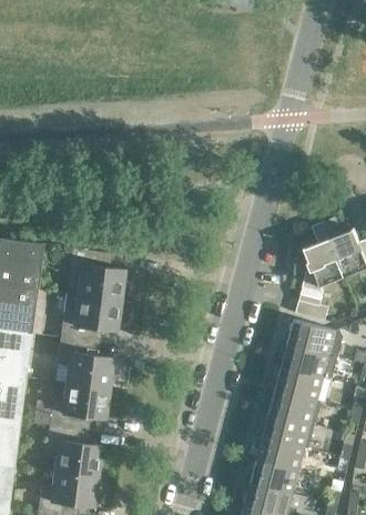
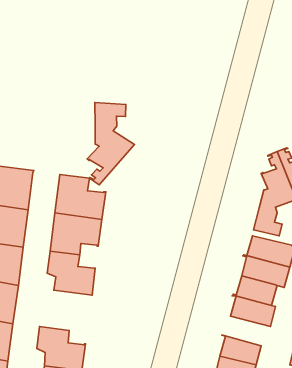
building: none -> [87,103,135,185]
building: [48,383,109,430] -> none
building: [260,413,315,448] -> none

